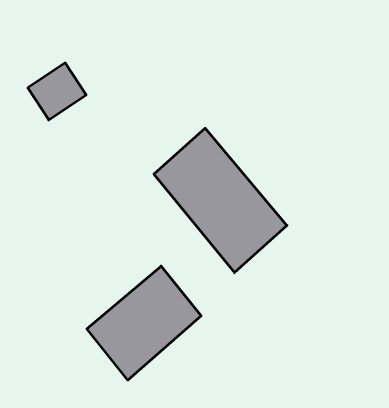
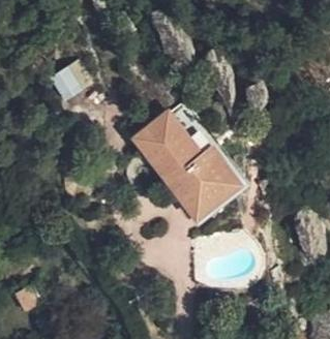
building: [87,266,201,380] -> none

